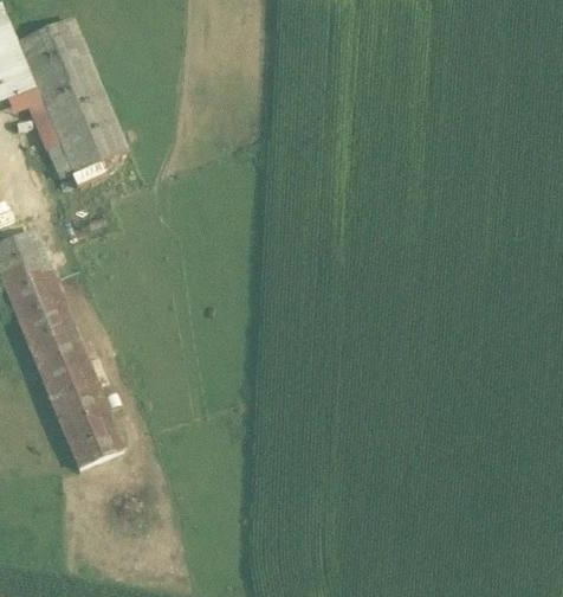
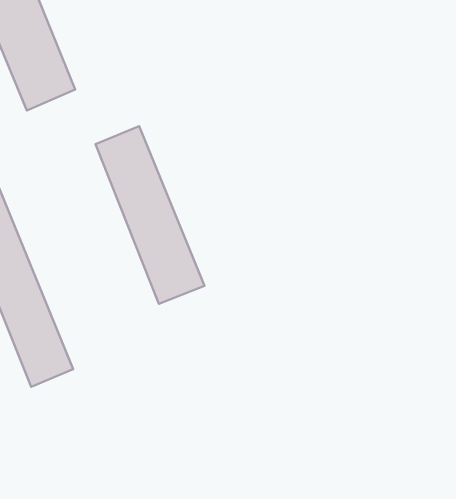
building: none -> [95,126,204,304]

